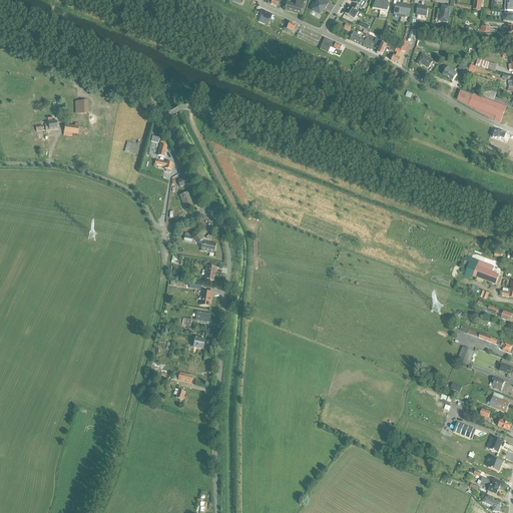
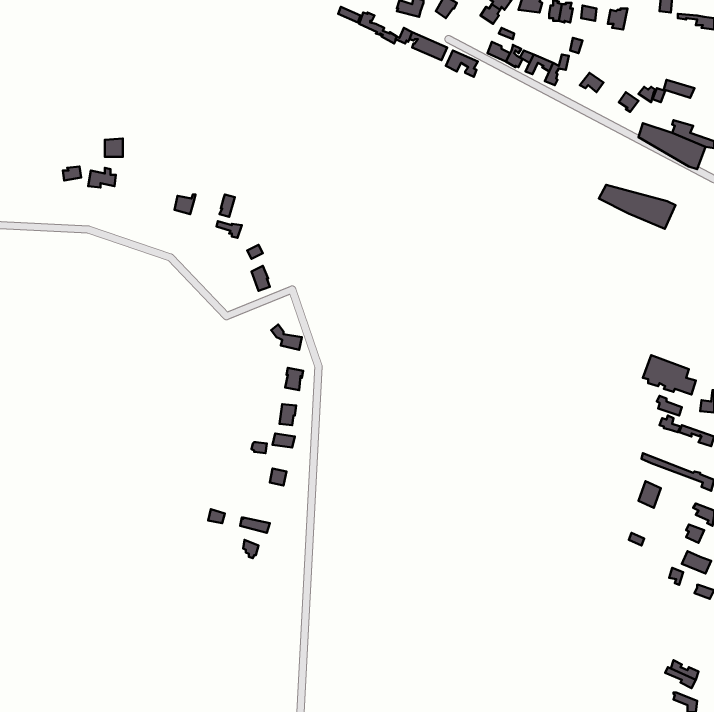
building: none -> [599,185,676,229]

